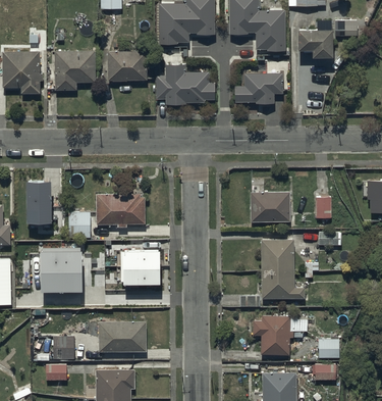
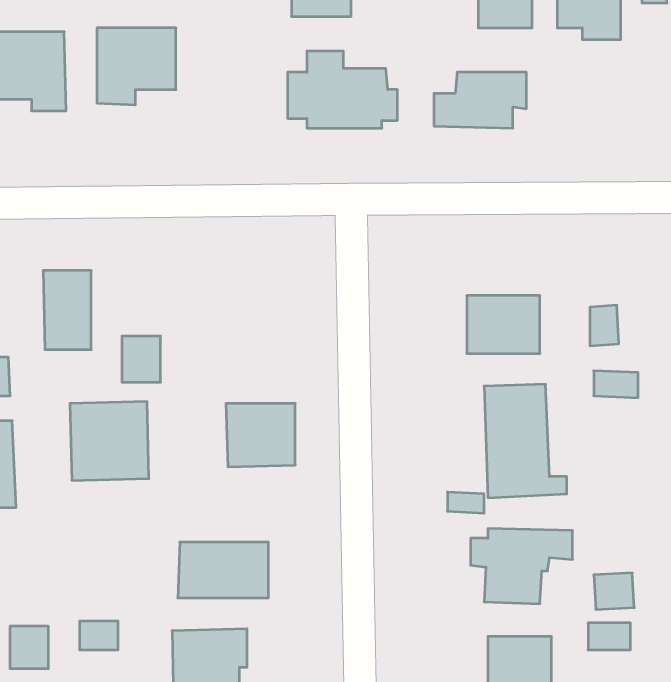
building: [107,51,148,81] -> none
building: [96,184,145,228] -> none
building: [53,337,73,359] -> [10,626,48,669]

